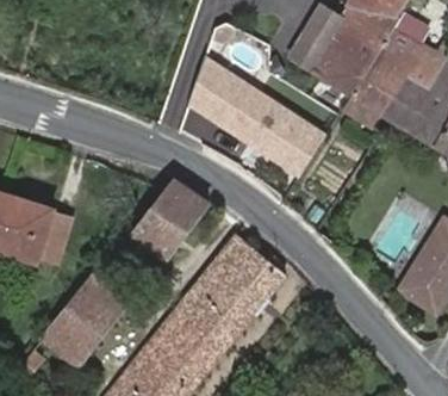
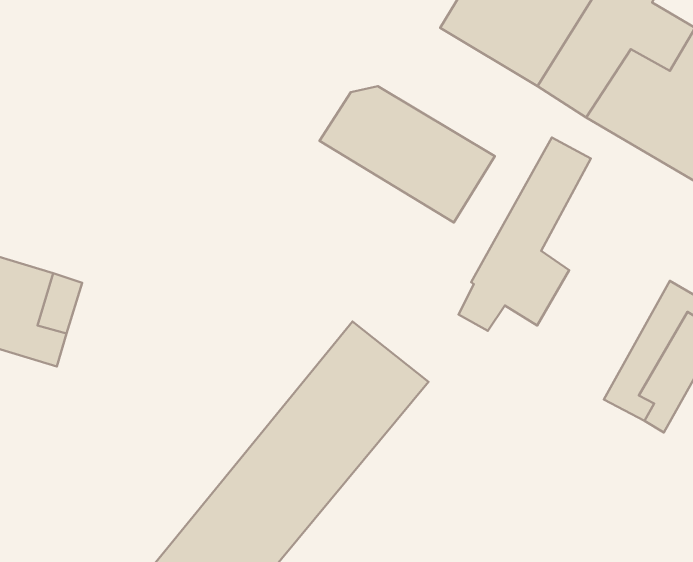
building: [187,74,236,126] -> none
building: none -> [459,138,591,331]
building: [133,180,209,256] -> none
building: [43,278,125,364] -> none

